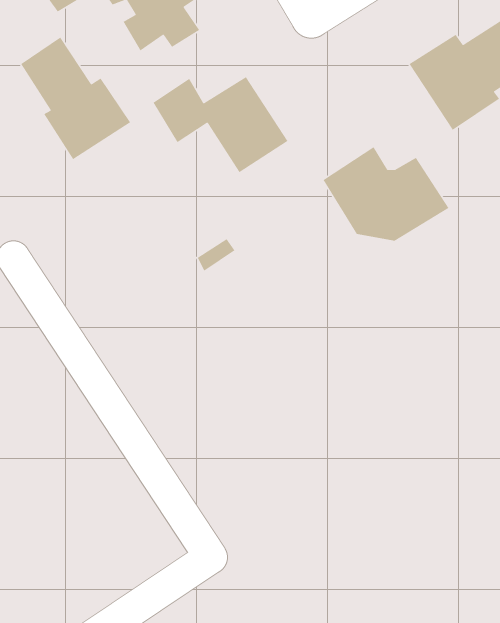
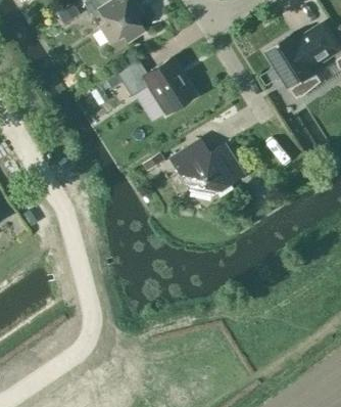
building: [20,37,131,160] -> none
building: [323,146,450,242] -> [169,139,243,194]

